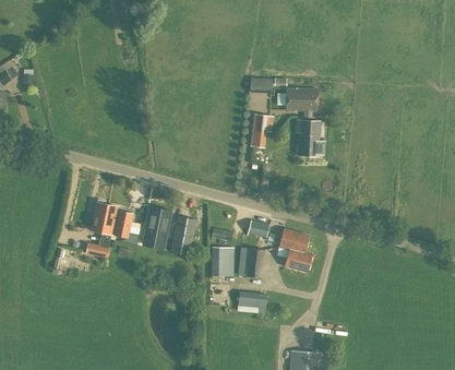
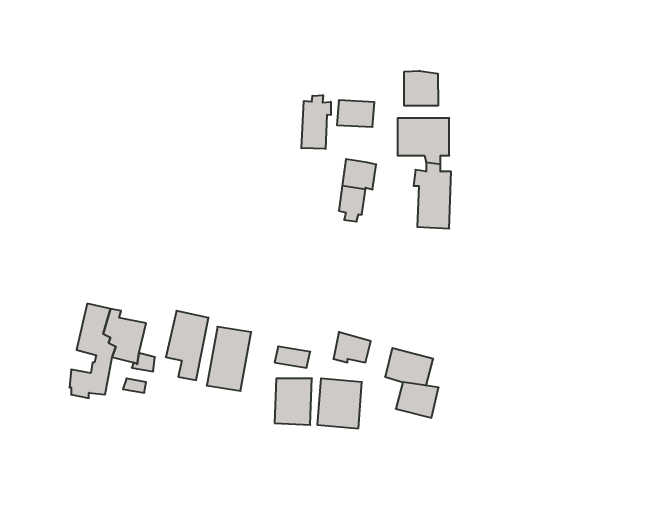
building: none -> [404,71,438,106]
building: none -> [301,95,331,149]
building: [237,290,266,312] -> none

